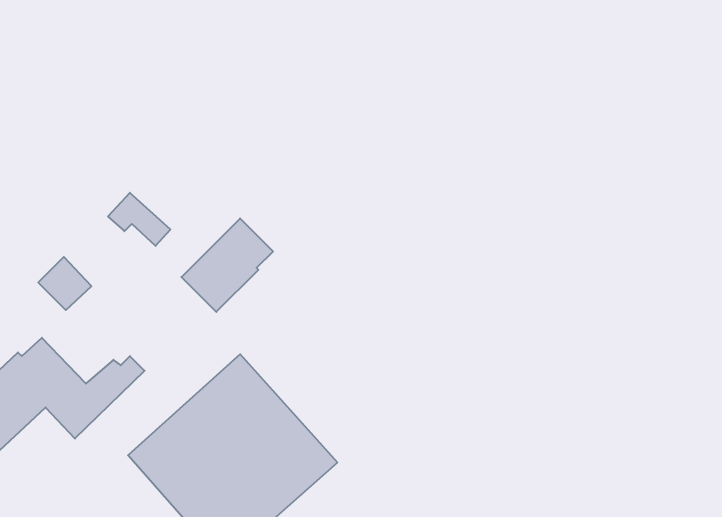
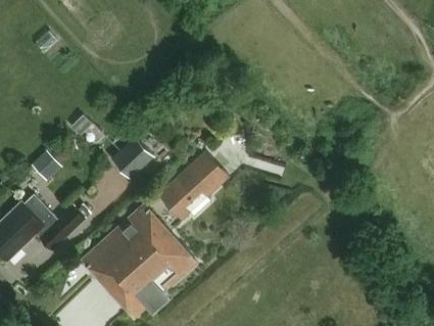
building: none -> [158,151,229,220]

